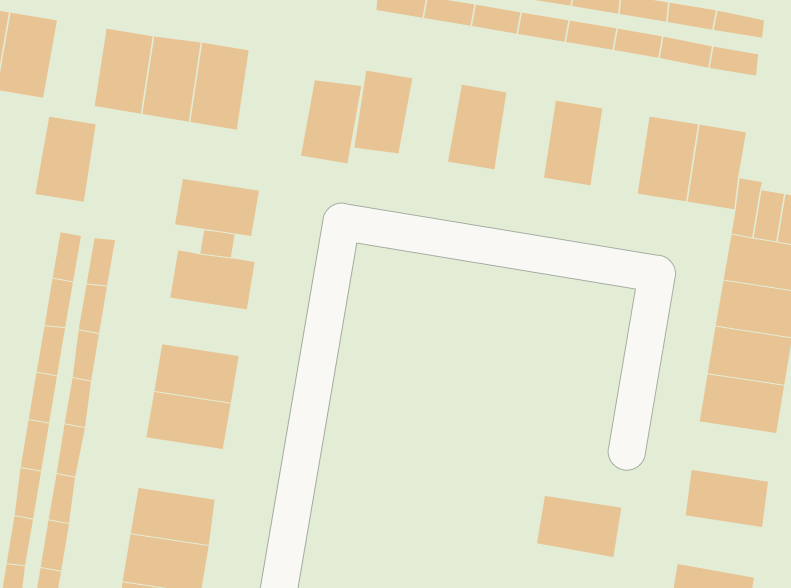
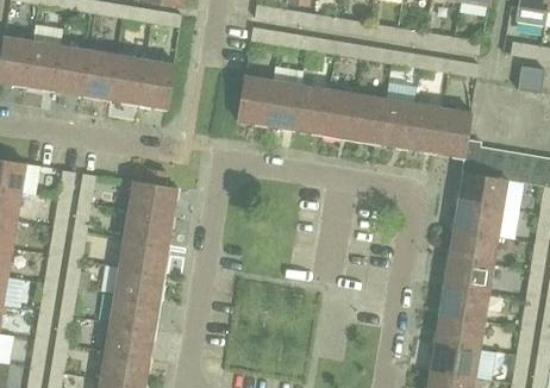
building: [300,80,362,164] -> [264,80,301,130]
building: none -> [321,88,357,139]
building: none -> [379,98,413,149]
building: [34,116,96,202] -> [52,45,89,96]
building: [174,178,260,236] -> [123,211,174,245]
building: none -> [438,284,489,320]
building: none -> [108,294,160,331]
building: [536,496,622,558] -> [430,340,481,377]

